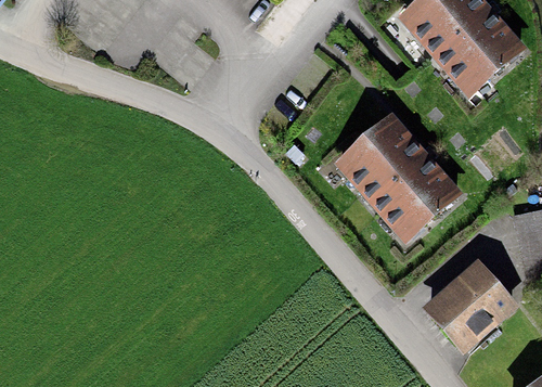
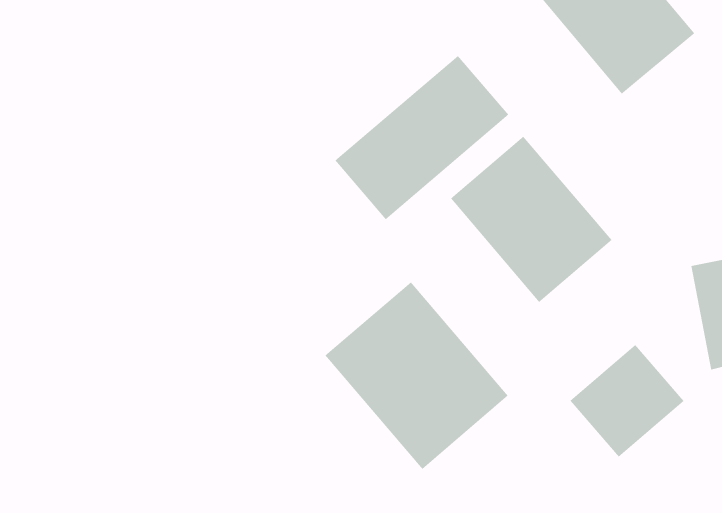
building: none -> [334,55,509,220]
building: none -> [325,281,508,470]

